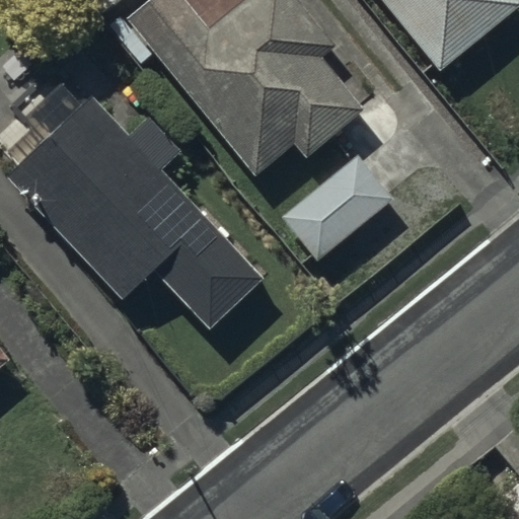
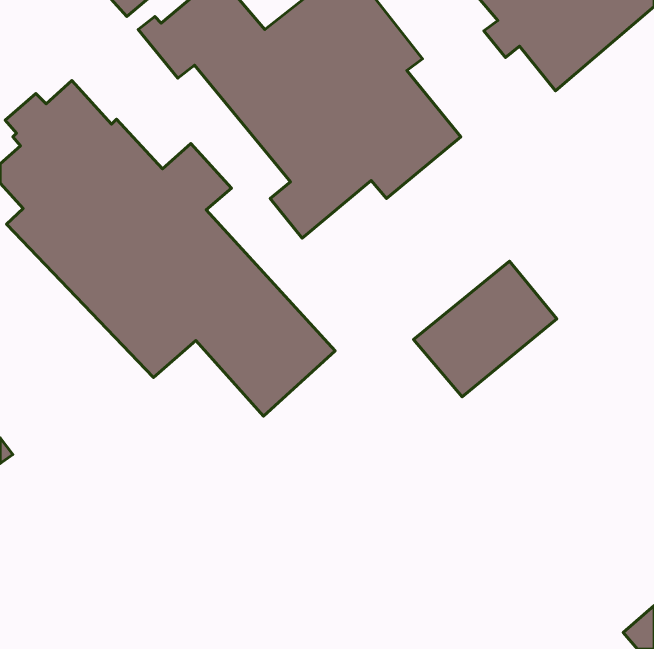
building: [281,153,394,261] -> [413,261,557,397]

